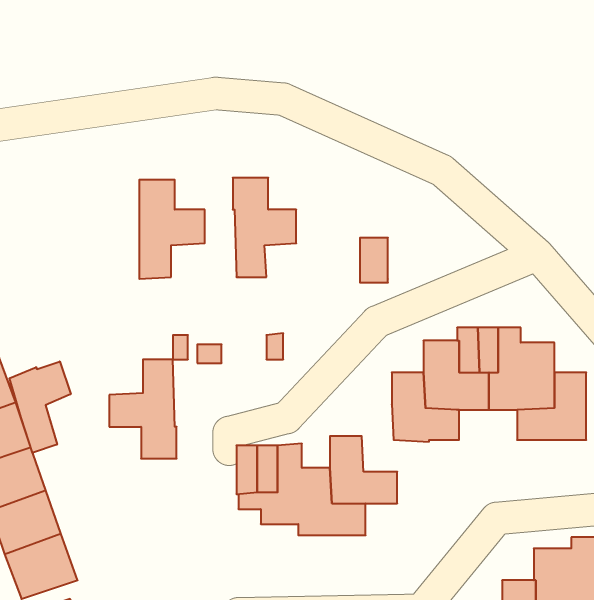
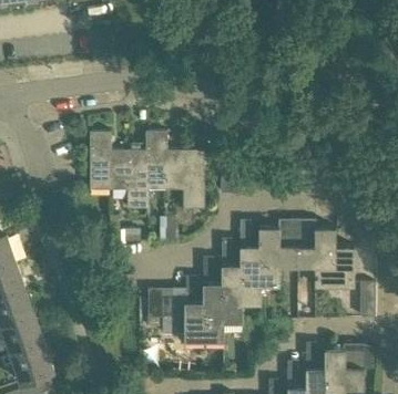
building: none -> [163,149,203,208]
building: [109,359,177,459] -> [108,149,147,208]
building: [9,361,71,453] -> none
building: none -> [221,265,261,304]

